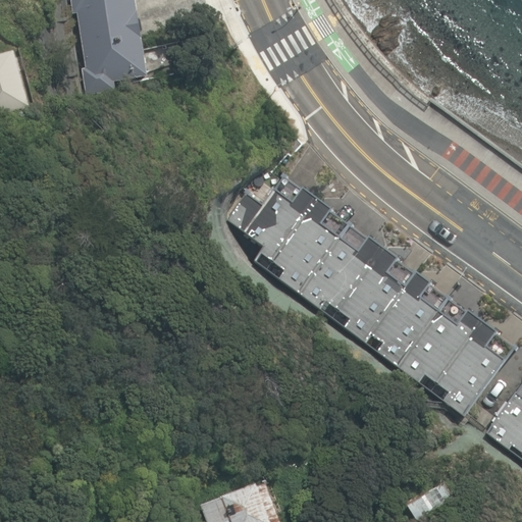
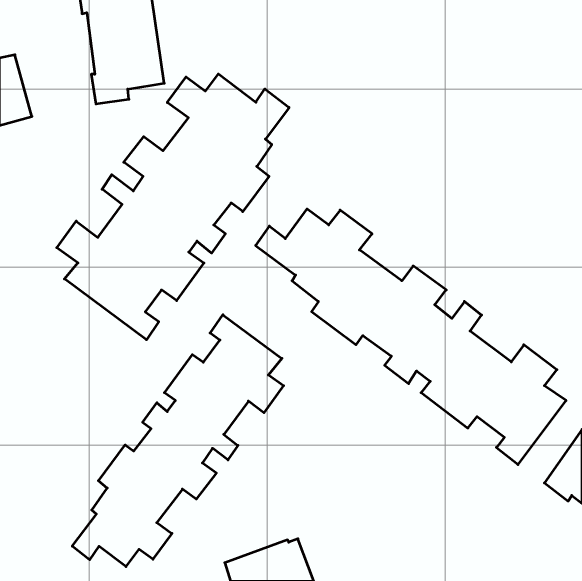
building: none -> [57,74,289,340]
building: none -> [72,315,284,567]

